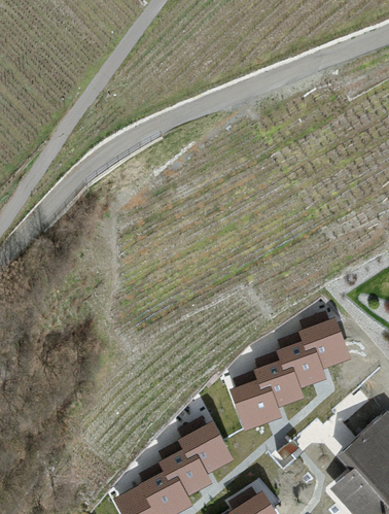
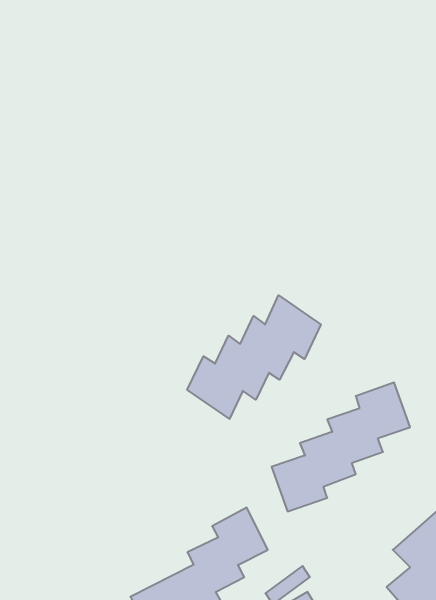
building: none -> [187,295,321,419]

